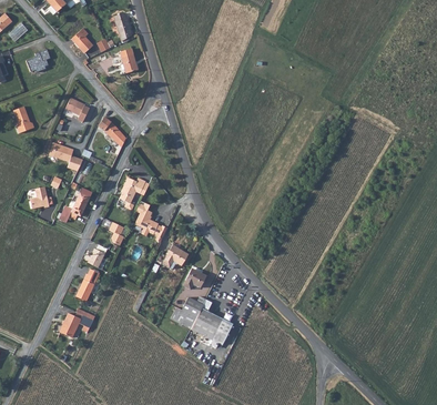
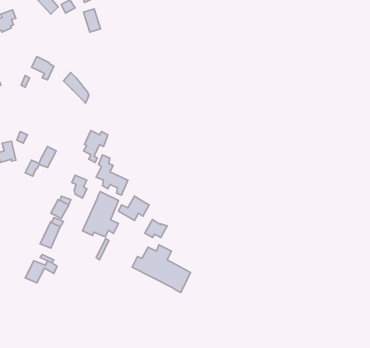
building: [48,143,82,171] -> none
building: none -> [83,192,119,237]

